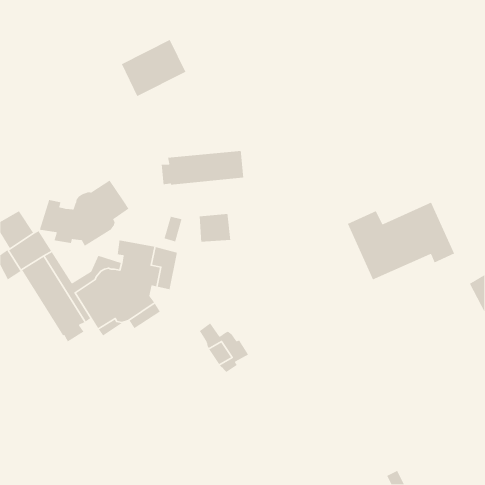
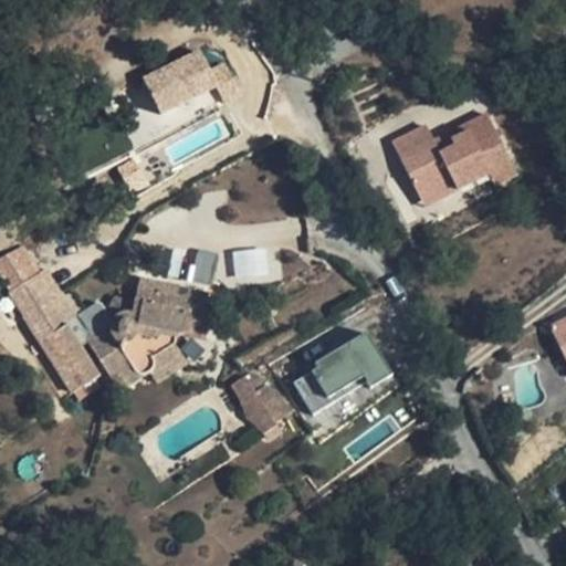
building: [161,150,244,185] -> none
building: [39,180,130,247] -> none
building: [347,202,455,281] -> [390,113,516,205]
building: none -> [289,334,389,413]

